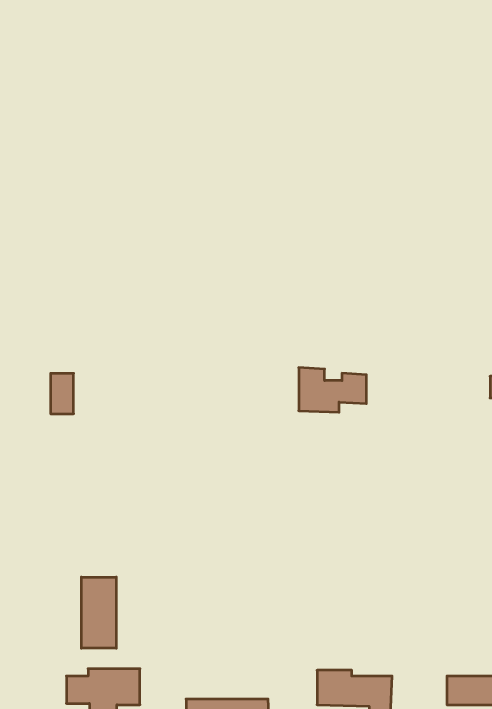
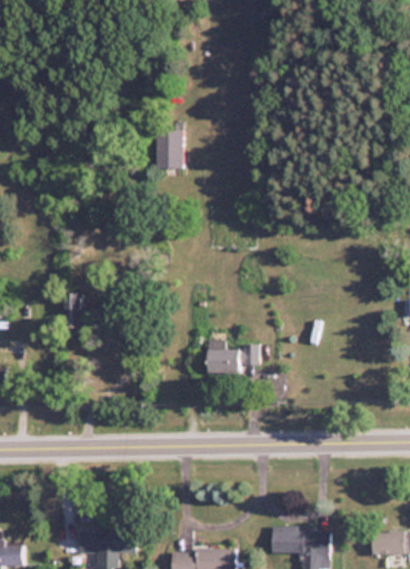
building: none -> [156,131,183,169]
building: [299,368,366,412] -> [208,340,260,375]
building: [81,577,116,648] -> none

